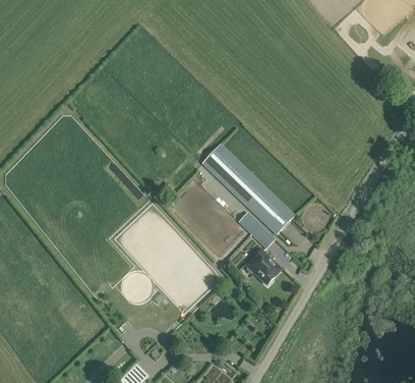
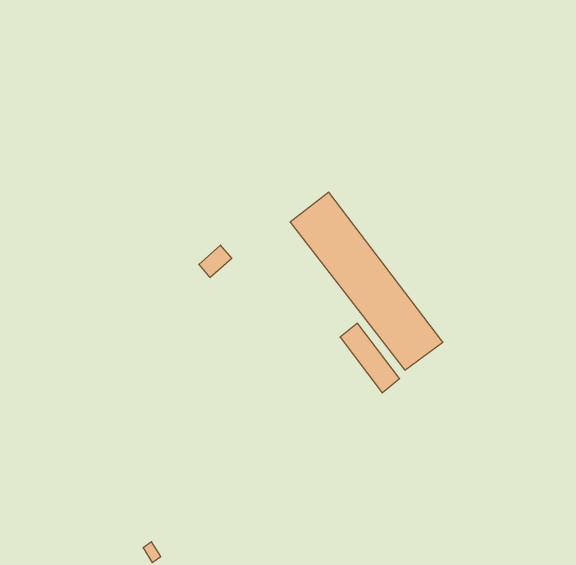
building: [247,250,282,284] -> none

